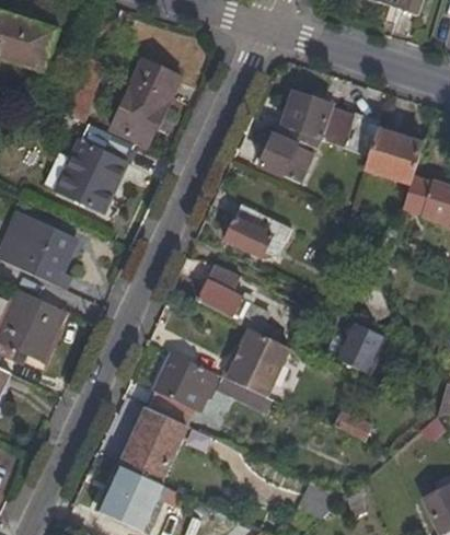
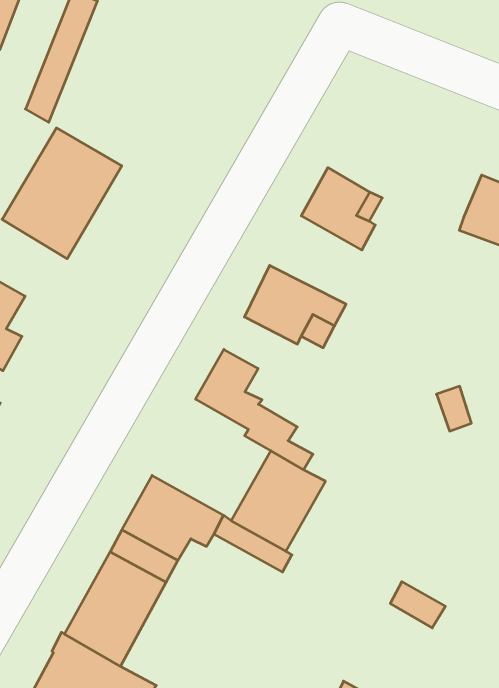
building: [109,58,178,144] -> none
building: [280,93,354,150] -> none
building: [341,325,386,374] -> none

